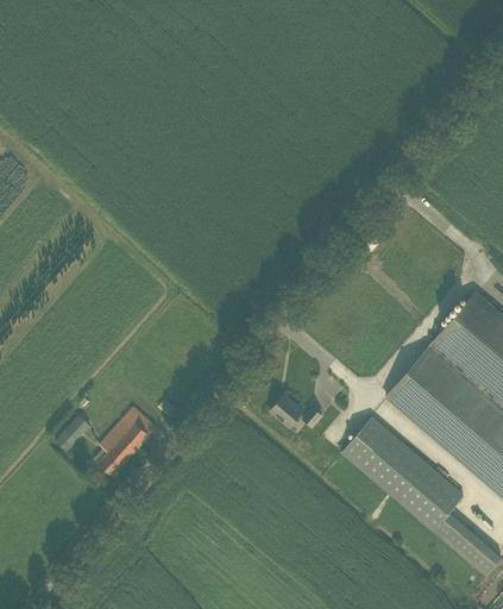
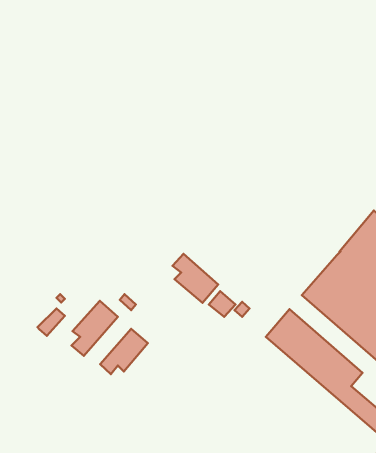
building: none -> [173,254,218,303]
building: none -> [100,329,148,374]

